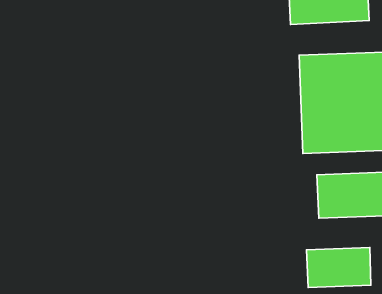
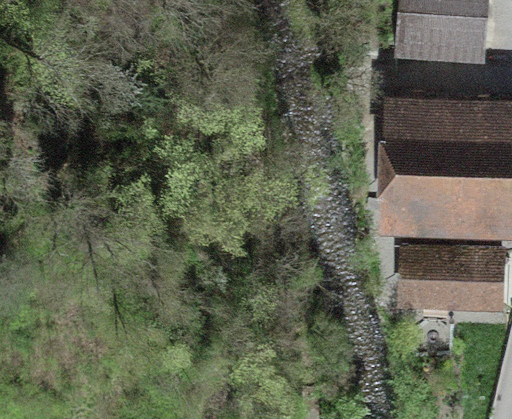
building: [307,247,371,288] -> none

